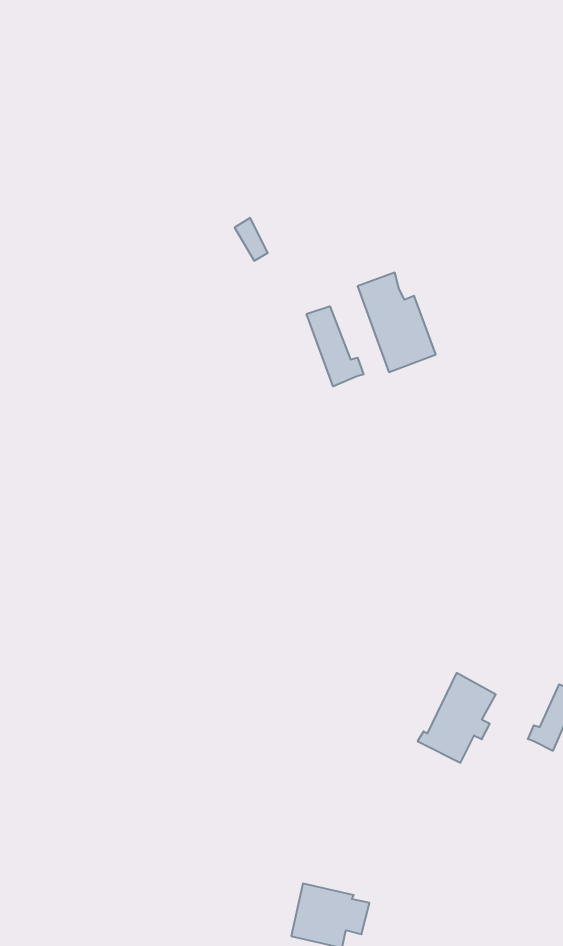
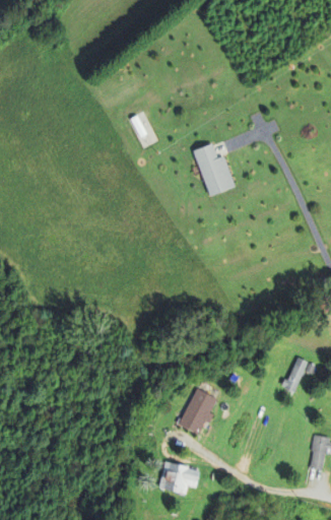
building: [307,306,364,386] -> none
building: [418,673,496,763] -> [176,388,216,435]

